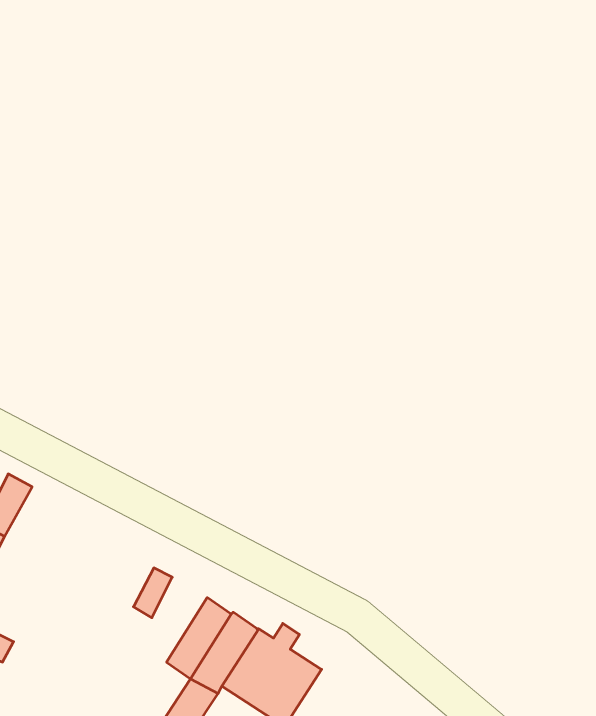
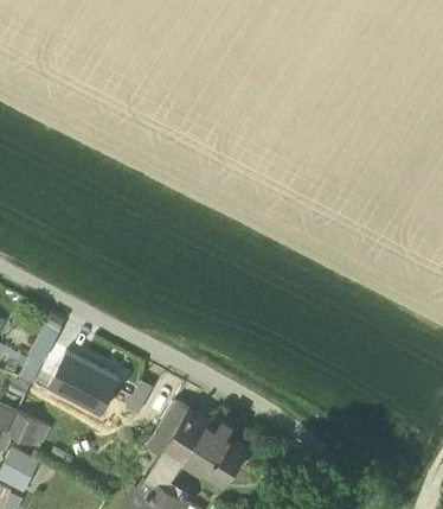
building: none -> [47,350,118,412]

